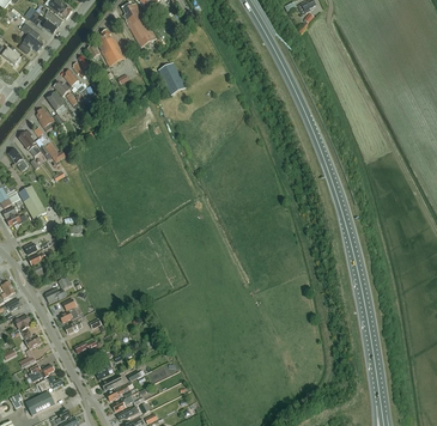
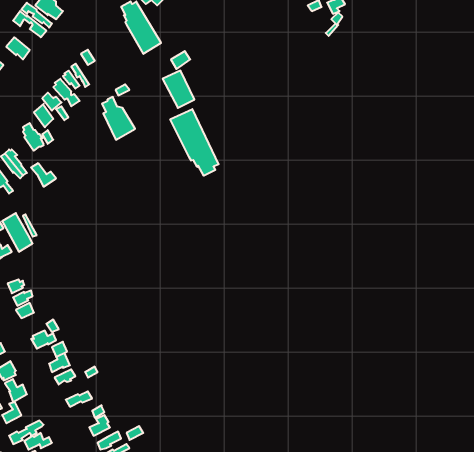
building: [97,30,126,67] -> [102,97,135,140]
building: none -> [170,109,219,176]

